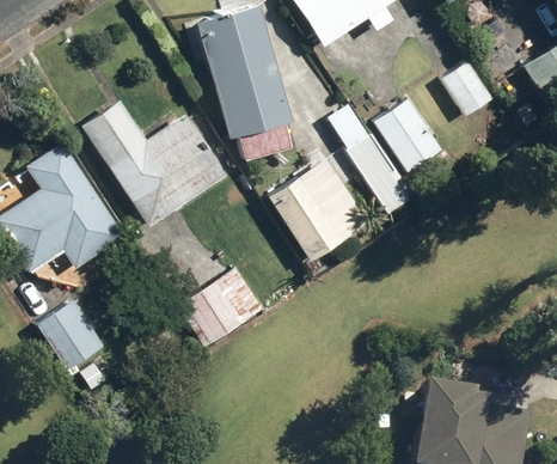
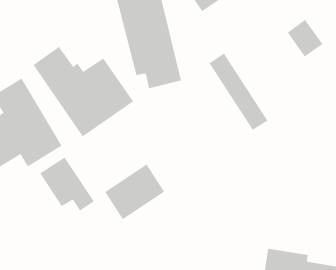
building: [373,94,446,172] -> none
building: [269,164,362,258] -> none
building: [39,301,120,380] -> [39,156,95,211]

